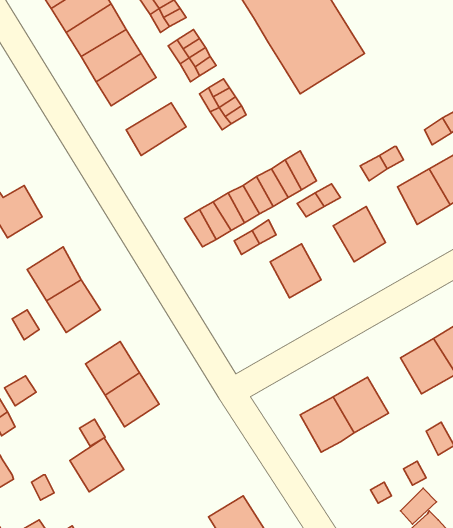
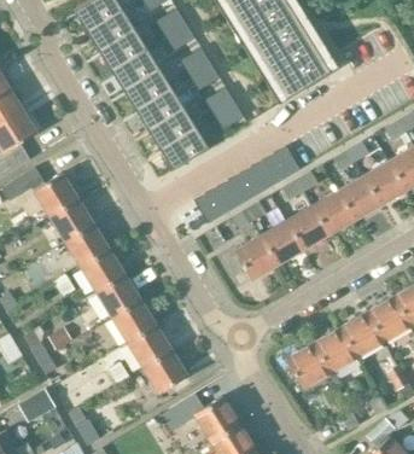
building: none -> [133,87,181,129]
building: none -> [157,127,205,169]
building: none -> [338,175,379,220]
building: none -> [49,199,94,241]
building: none -> [286,206,328,250]
building: none -> [234,235,276,280]
building: none -> [97,274,140,318]
building: none -> [339,313,383,357]
building: [70,438,124,492] -> [144,350,187,394]
building: none -> [194,397,239,441]

